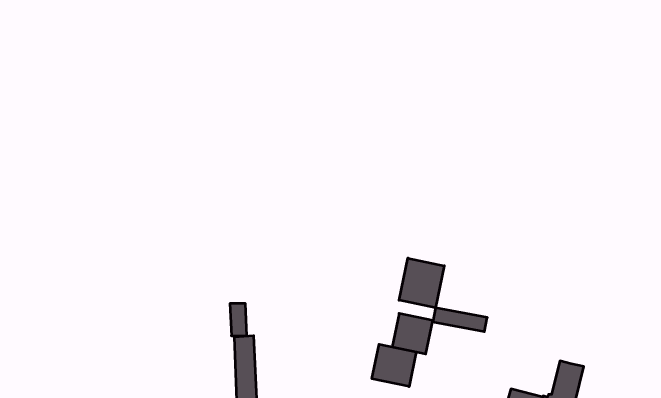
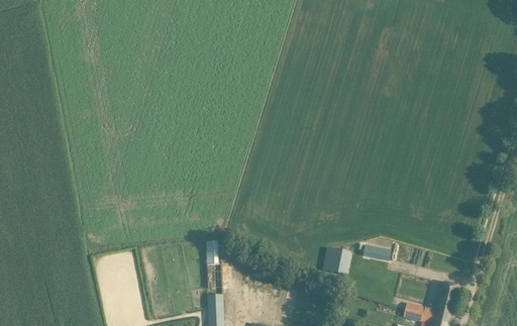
building: [399,258,444,308] -> none
building: [372,344,416,387] -> none

